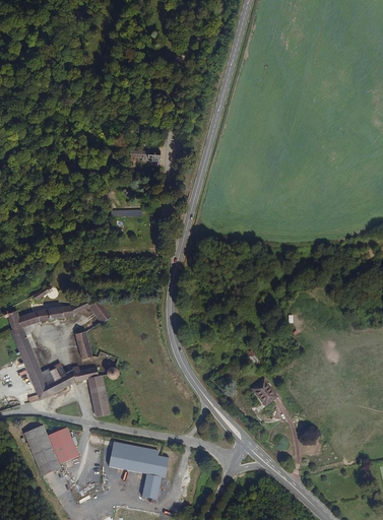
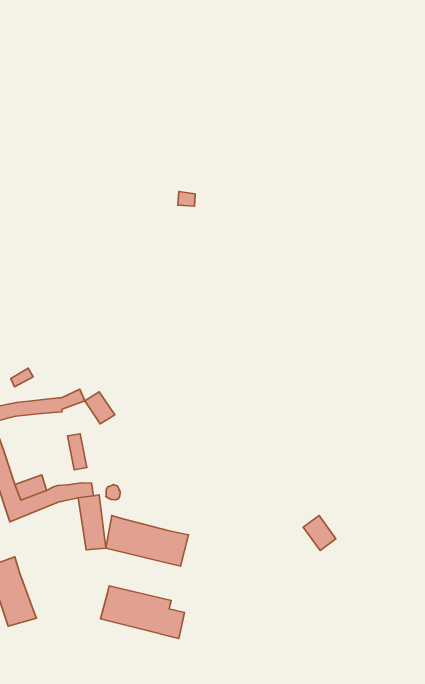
building: none -> [106,515,189,566]
building: [48,428,79,464] -> none
building: [142,473,162,500] -> none

